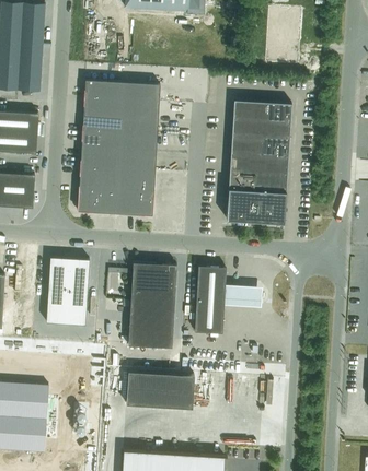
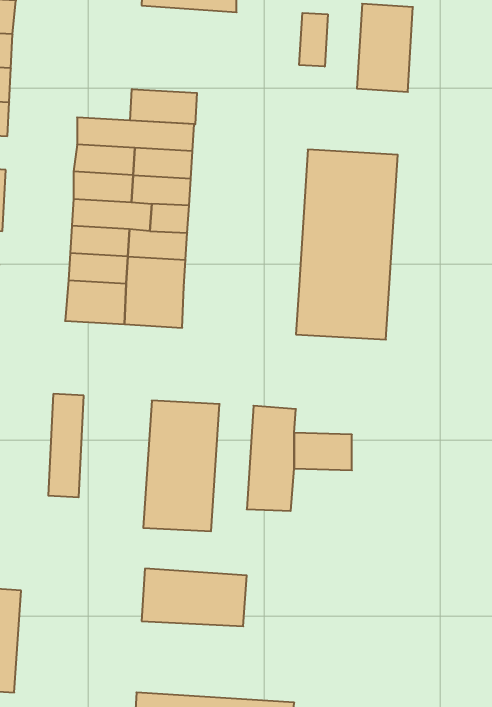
building: none -> [299,13,328,67]
building: none -> [130,89,197,124]
building: [46,257,69,323] -> none

